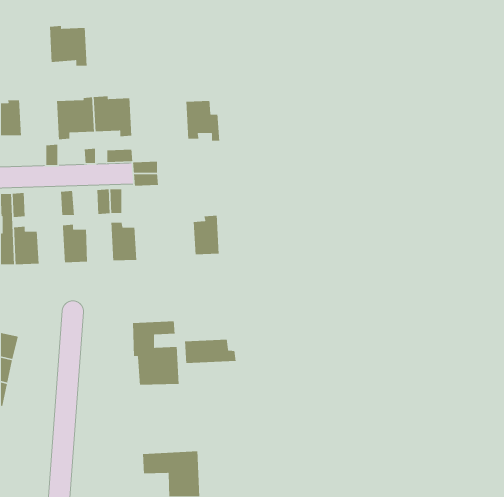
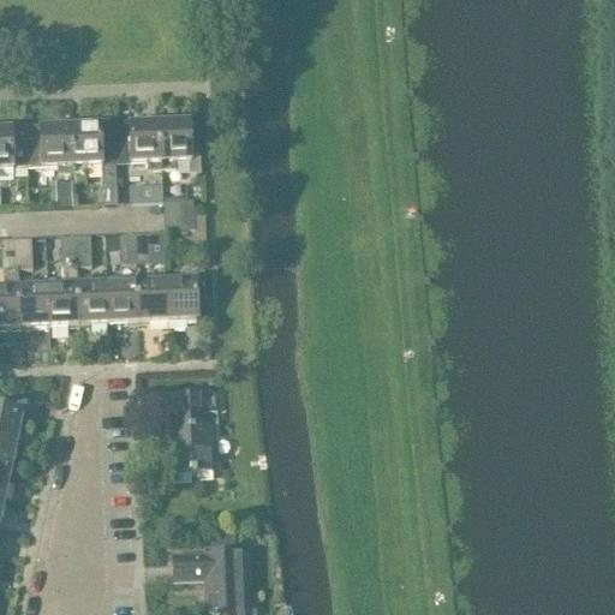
building: [49,25,87,67] -> [24,120,71,171]
building: [186,100,220,142] -> [159,118,201,168]
building: none -> [46,233,78,322]
building: [193,215,219,255] -> [165,268,197,317]
building: none -> [106,270,137,320]
building: [184,339,237,364] -> none

